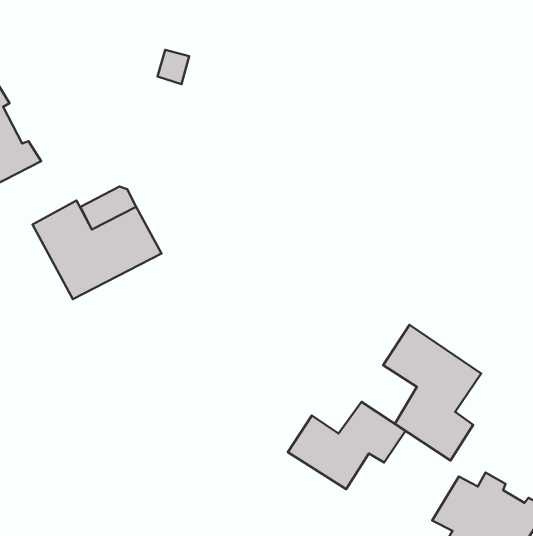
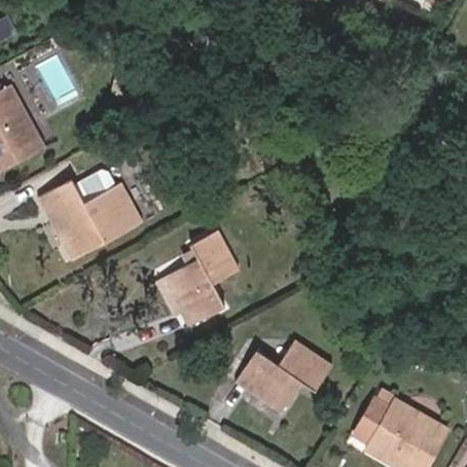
building: none -> [168,230,239,324]
building: [383,325,481,460] -> none

